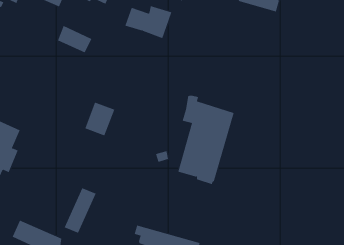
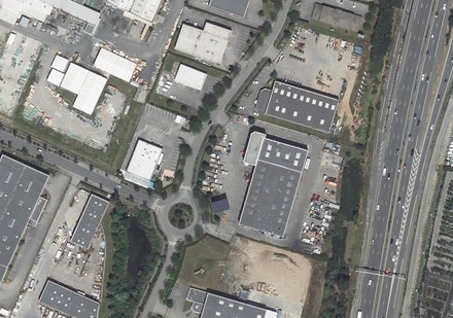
building: none -> [49,54,106,113]
building: none -> [174,63,207,90]
building: none -> [253,81,338,135]
building: [64,187,96,233] -> [69,192,108,248]

